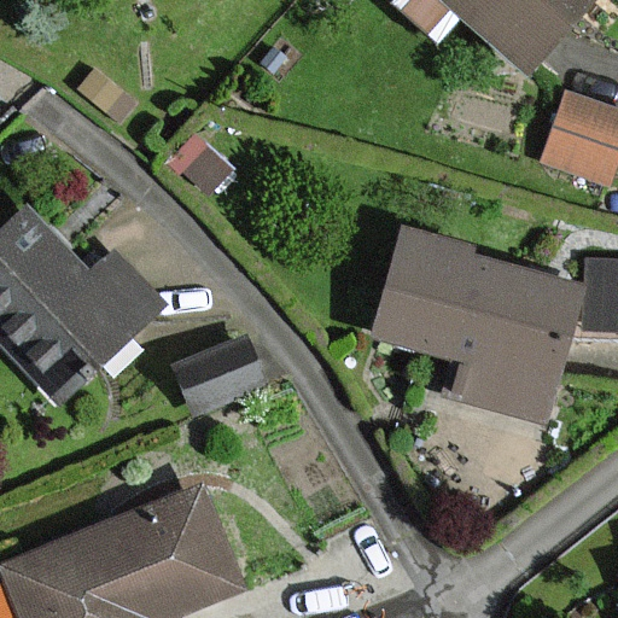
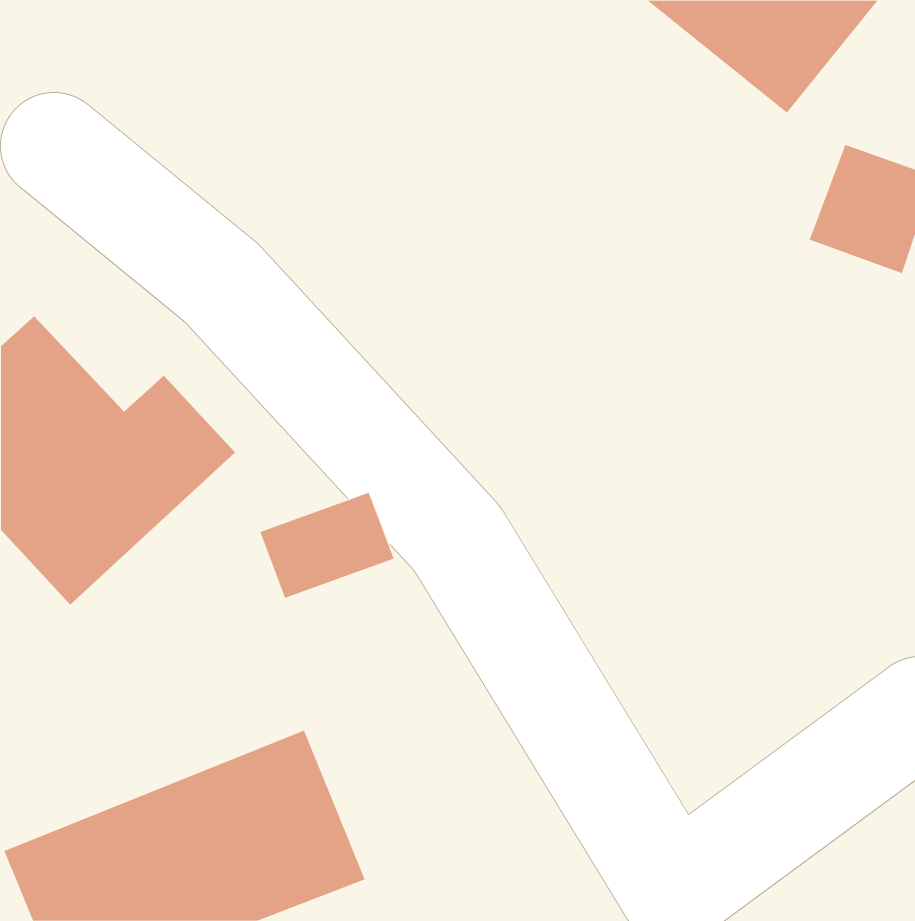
building: [363,228,584,430] -> none

